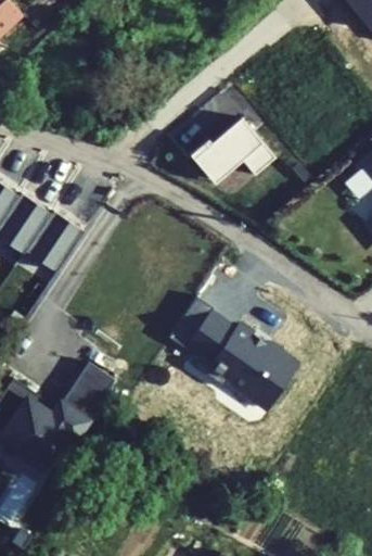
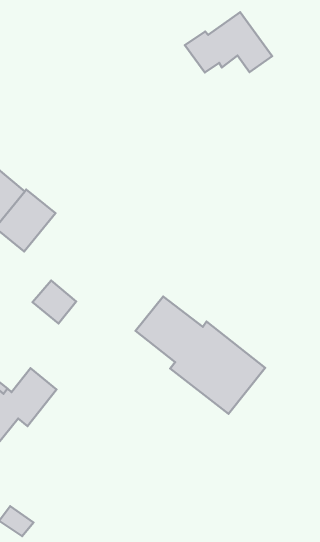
building: [192,117,278,179] -> [185,12,272,73]
building: [74,361,116,402] -> [32,280,76,323]

